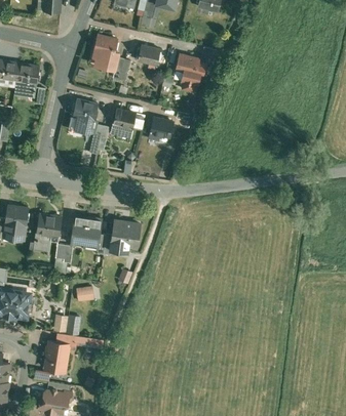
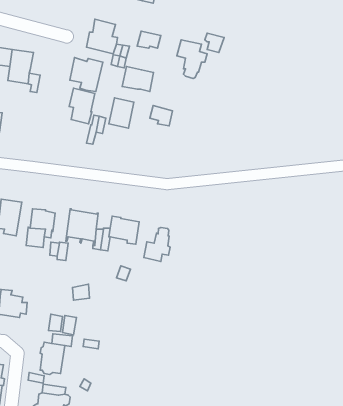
building: none -> [70,58,103,92]
building: none -> [122,66,154,92]
building: none -> [144,227,170,262]

